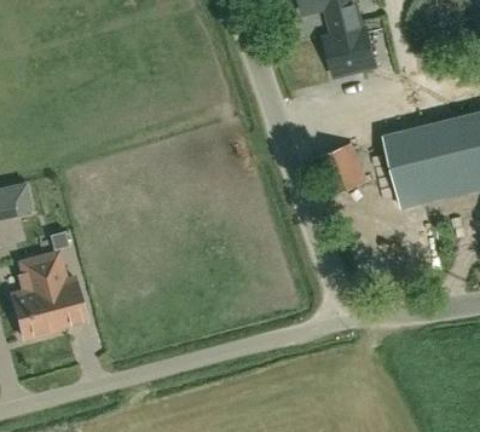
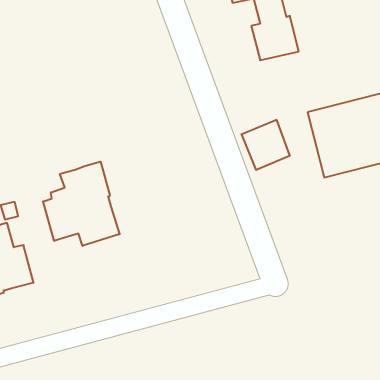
building: none -> [43,162,120,246]

